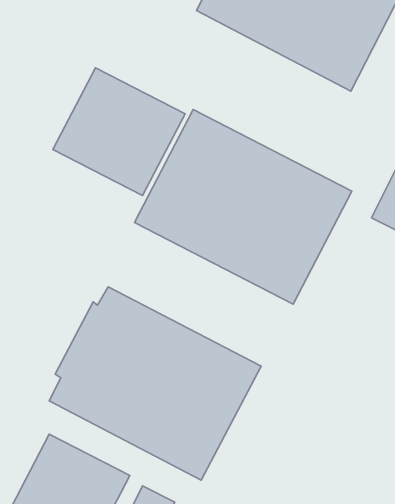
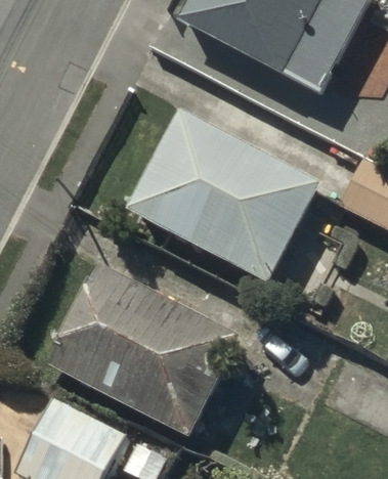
building: [53,68,185,195] -> none

